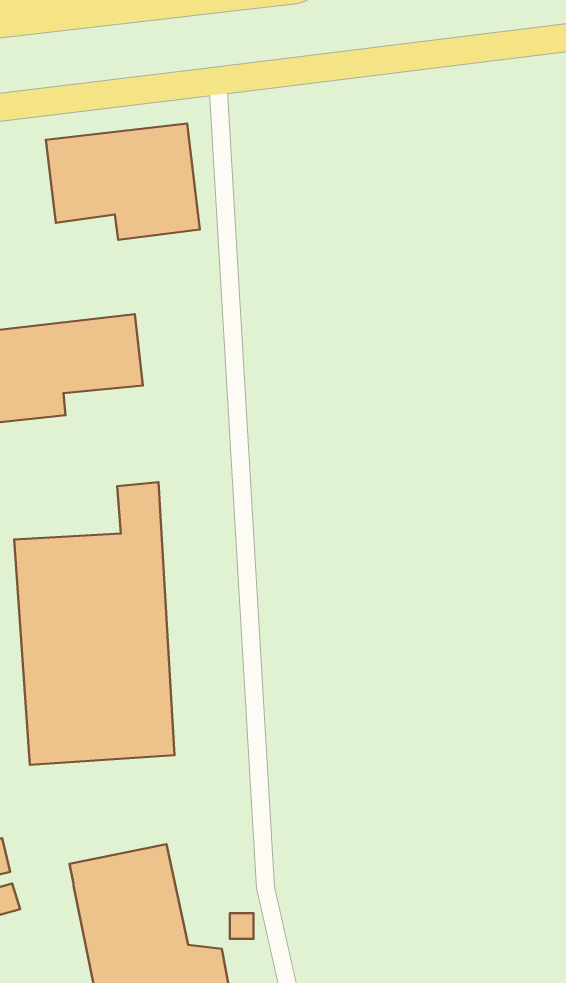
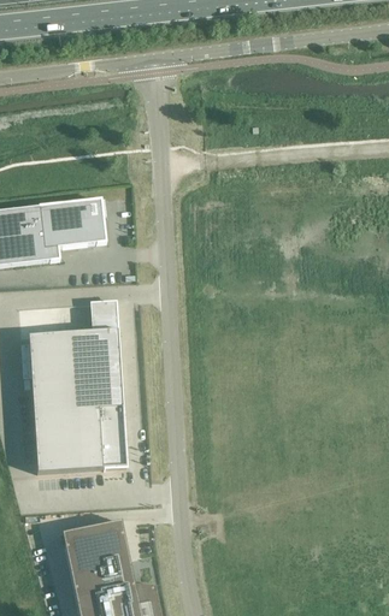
building: [46,124,200,240] -> none

